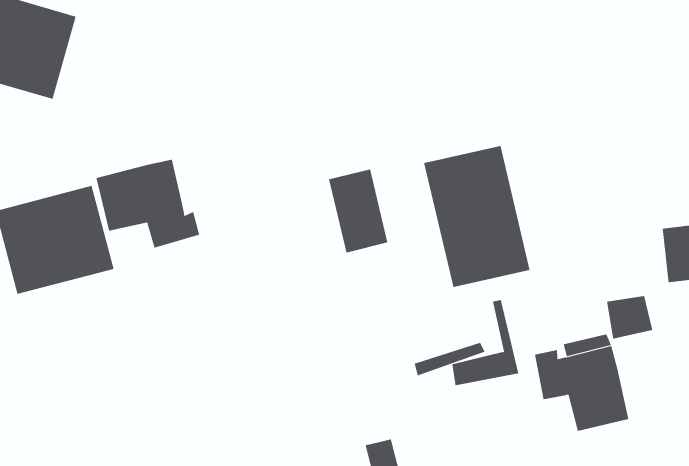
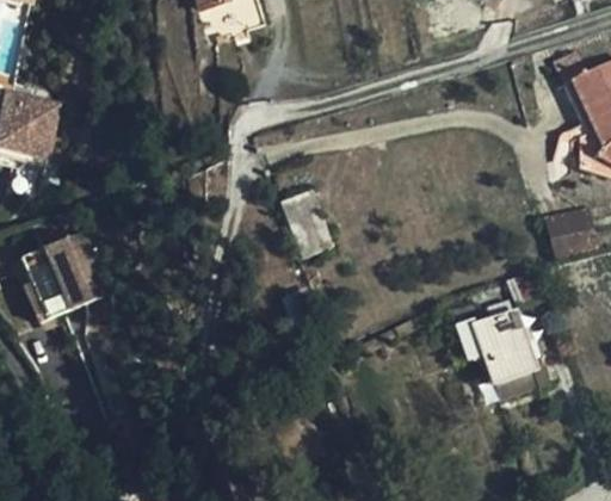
building: [424,145,530,288] -> none
building: [96,159,200,249] -> none
building: [451,299,519,386] -> [495,324,549,396]

